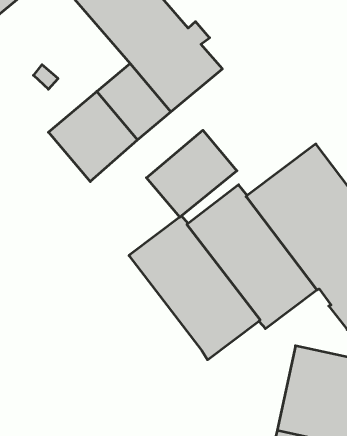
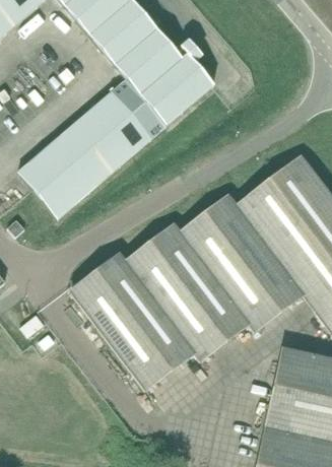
building: [146,130,237,217] -> none
building: none -> [17,144,88,217]
building: none -> [70,253,194,389]

